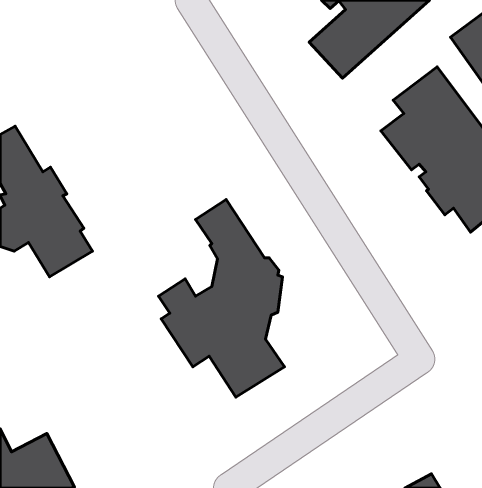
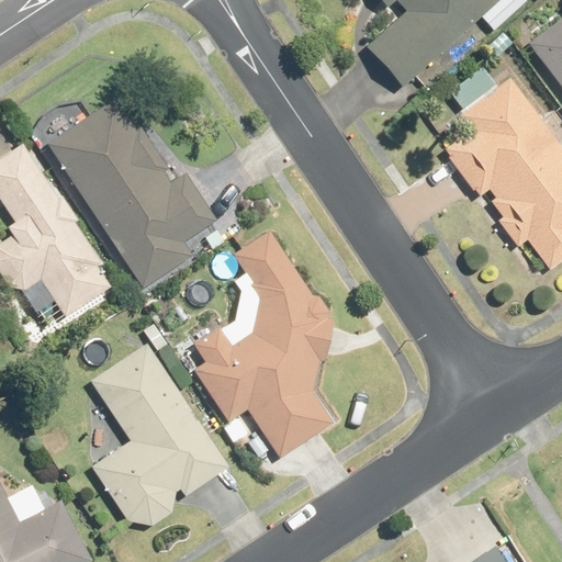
building: none -> [45,94,216,289]
building: none -> [90,341,232,524]

